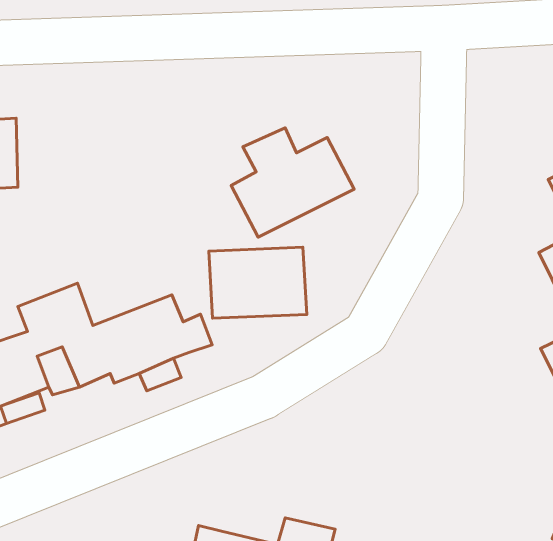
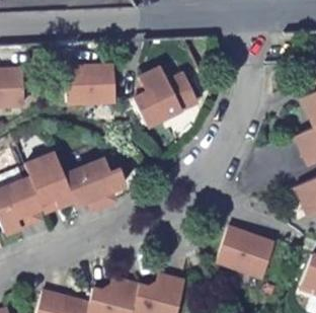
building: [209,247,307,318] -> [64,60,115,97]
building: none -> [220,226,276,275]

